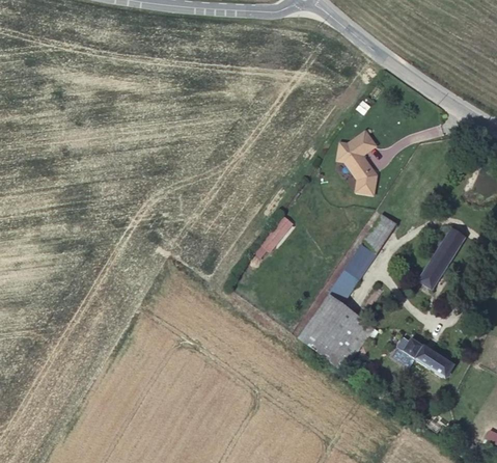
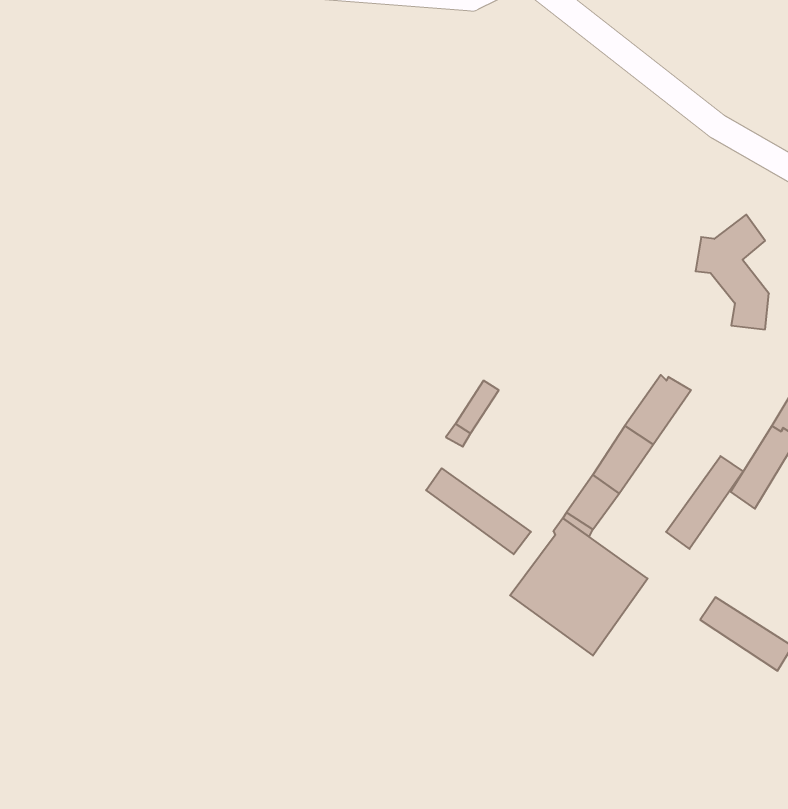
building: [335,131,376,194] -> [695,215,769,329]
building: none -> [666,456,743,549]
building: none -> [426,468,531,554]

